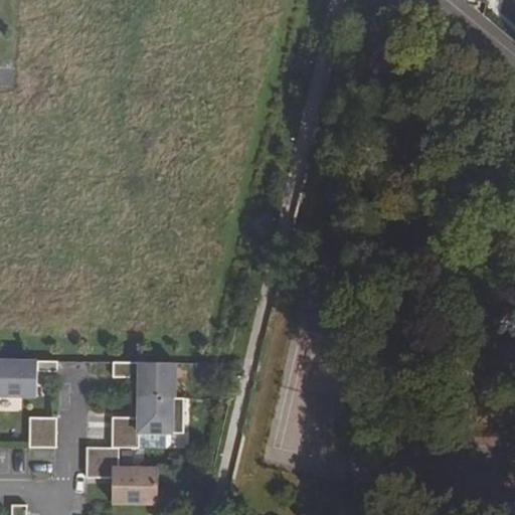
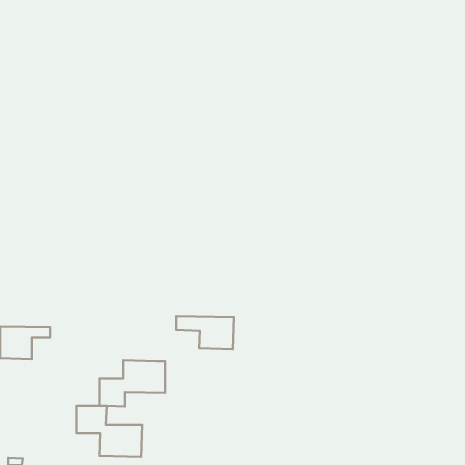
building: [112,362,175,398] -> [176,316,234,349]
building: [25,420,56,448] -> none

